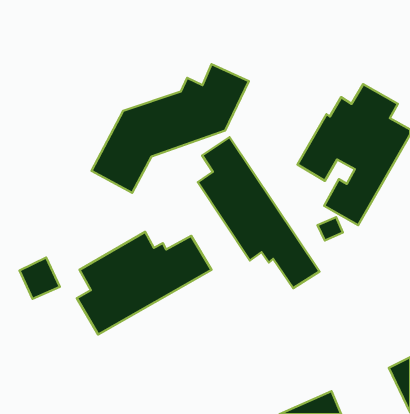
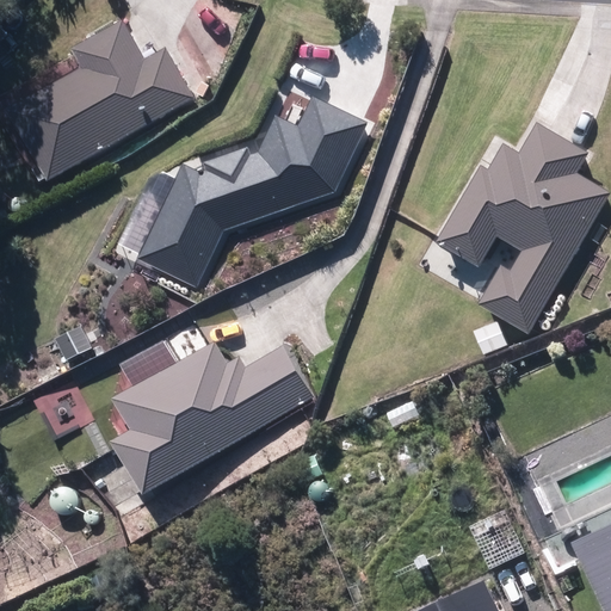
building: none -> [7,23,191,180]
building: [198,137,319,288] -> none

